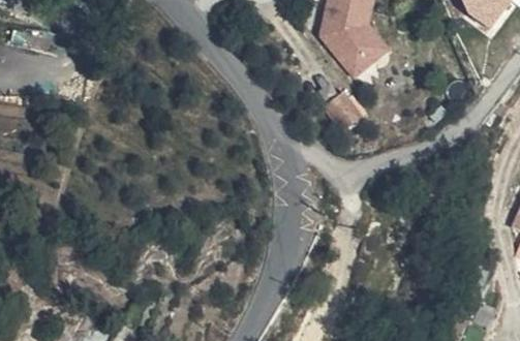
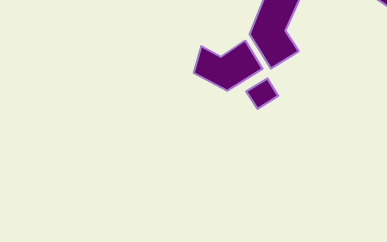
building: none -> [194,41,263,91]

